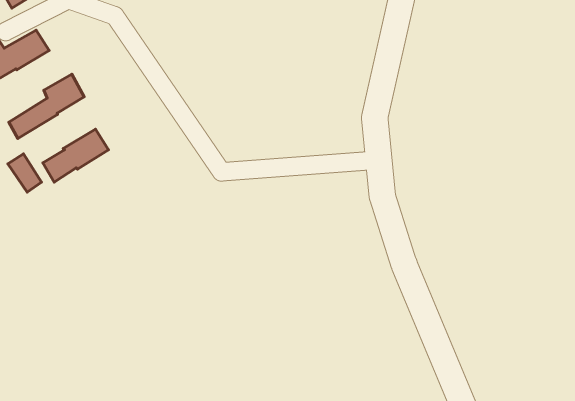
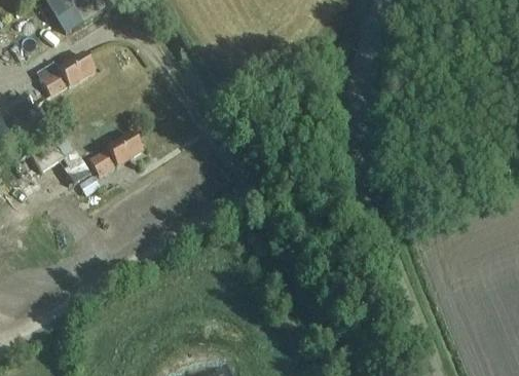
building: [9,74,84,138] -> none

